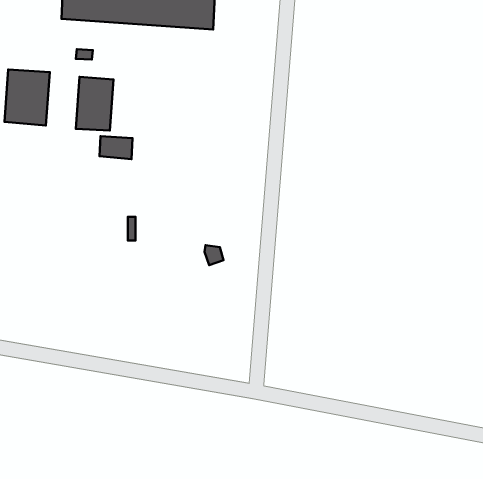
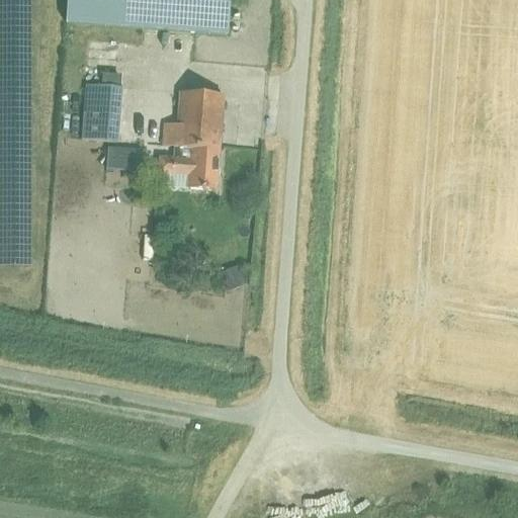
building: [4,70,50,126] -> none
building: none -> [159,89,224,188]

